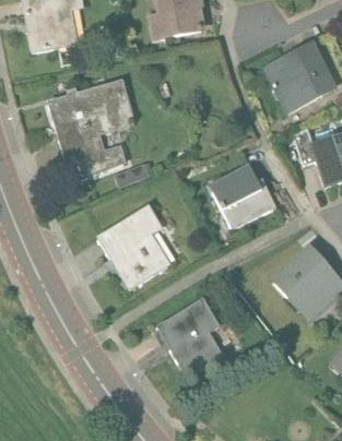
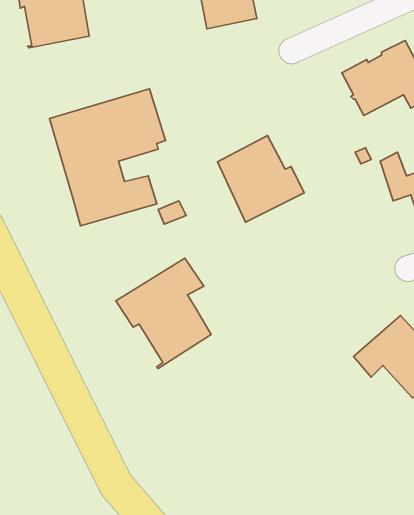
building: [211,164,275,228] -> [218,135,304,222]
building: [156,299,223,377] -> none

